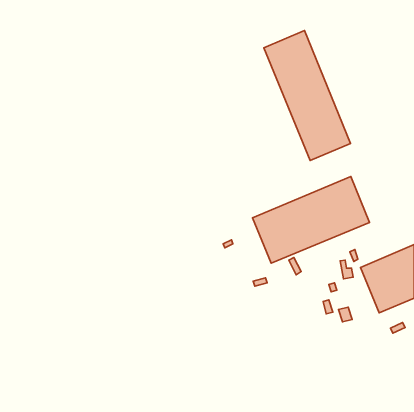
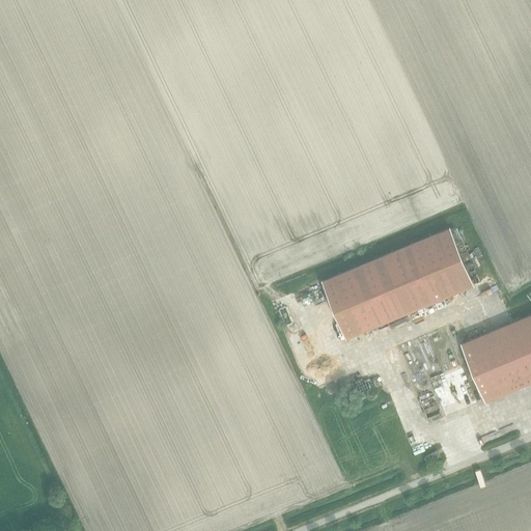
building: [264,30,350,160] -> none

